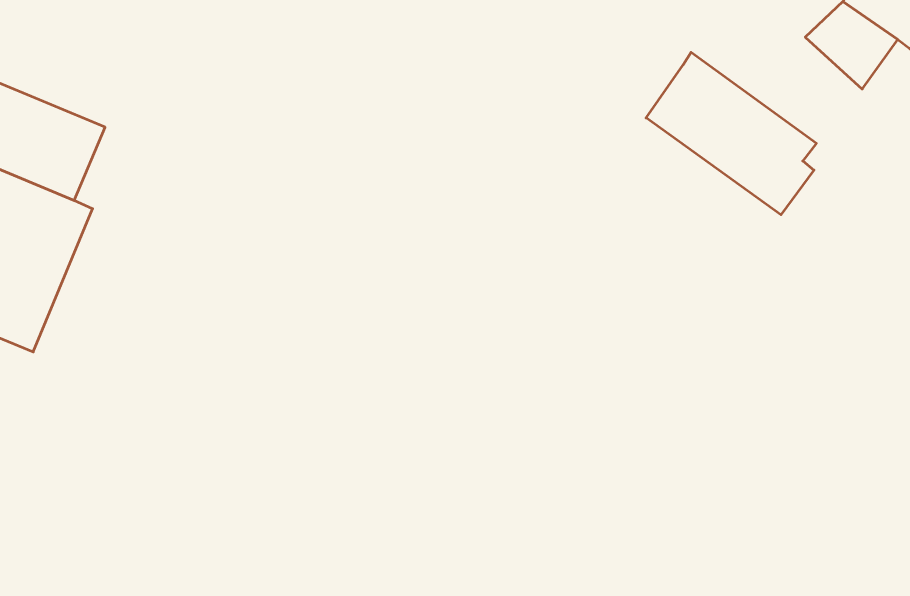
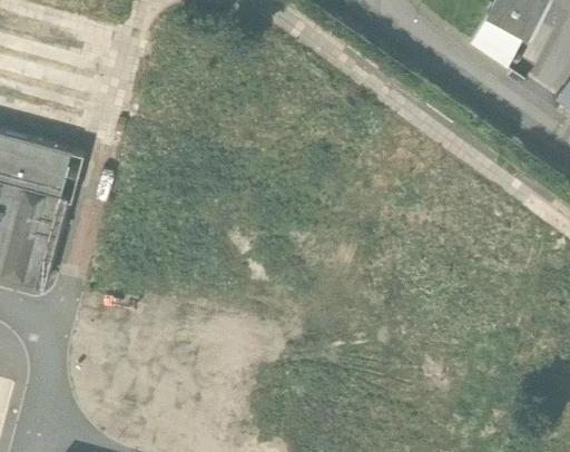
building: [646,52,816,215] -> none

